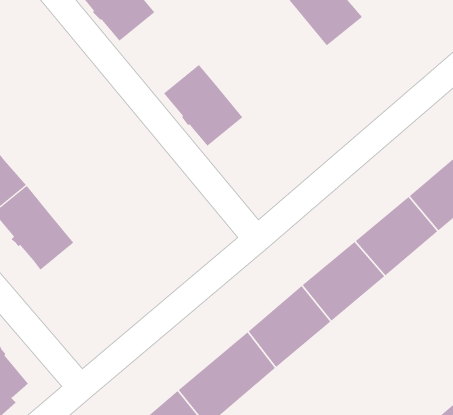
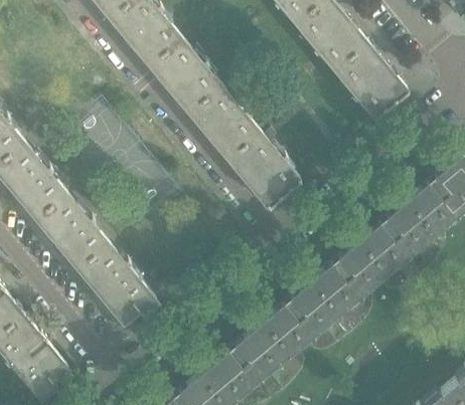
building: none -> [149,39,220,112]
building: none -> [334,43,409,120]
building: none -> [227,133,301,209]
building: none -> [79,244,158,323]

